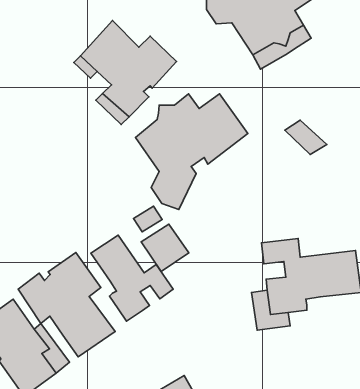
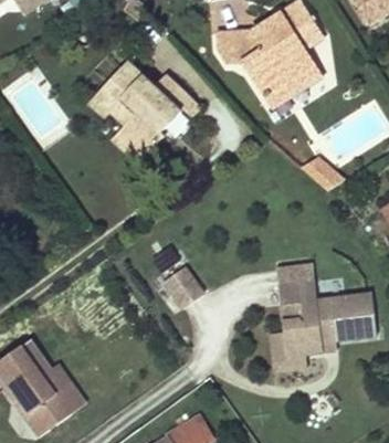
building: [135,94,248,209] -> none
building: [91,235,173,321] -> none
building: [18,252,115,357] -> none

